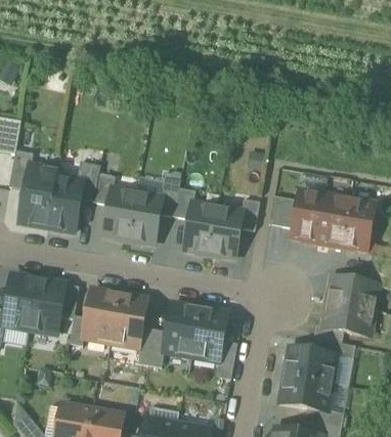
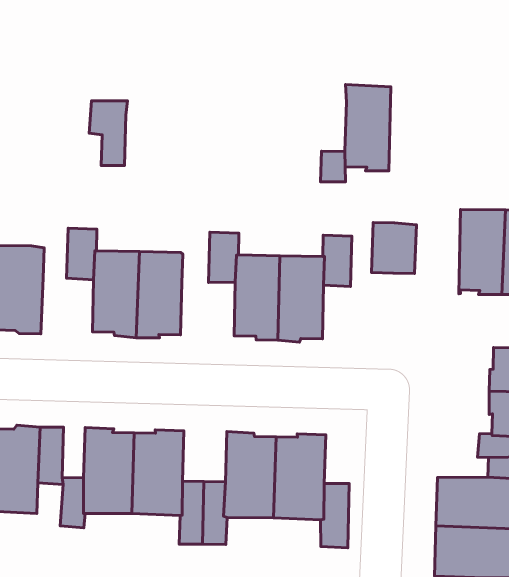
building: [75,161,99,201] -> [89,101,127,166]
building: [158,176,179,215] -> none
building: [291,189,323,243] -> [345,84,391,171]

